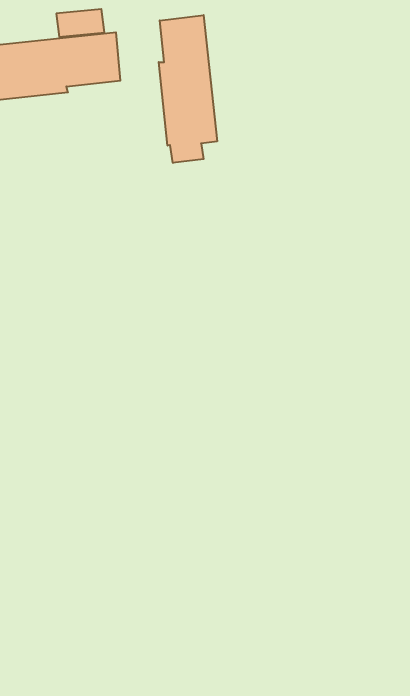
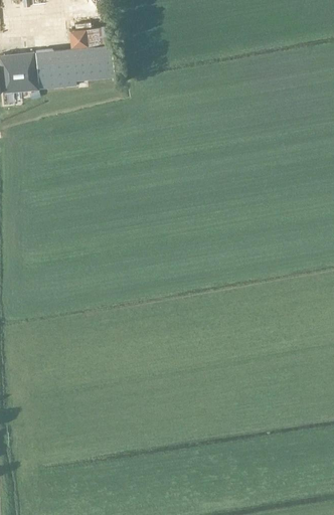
building: [159,15,217,163] -> none

